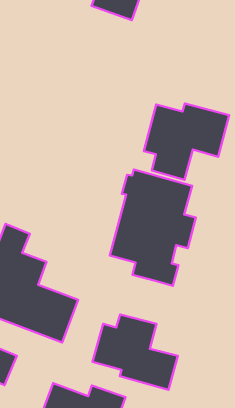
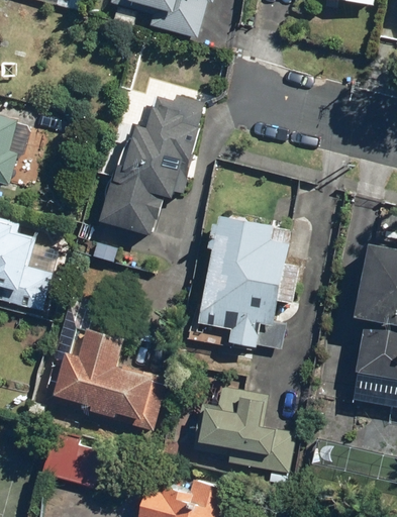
building: none -> [103,95,200,234]
building: [144,103,229,180] -> none

